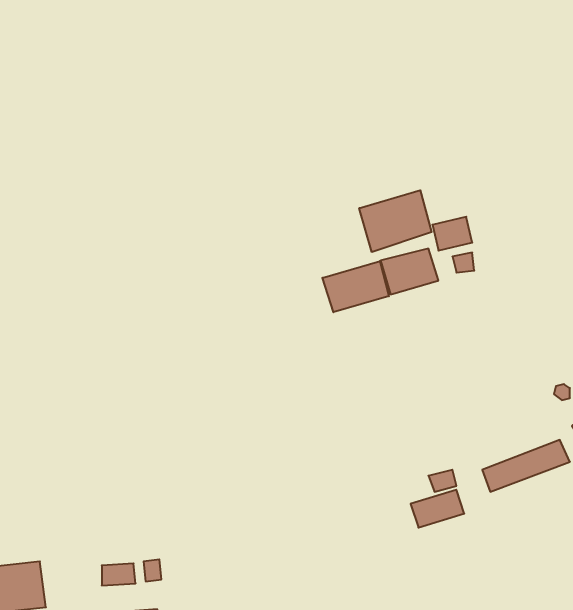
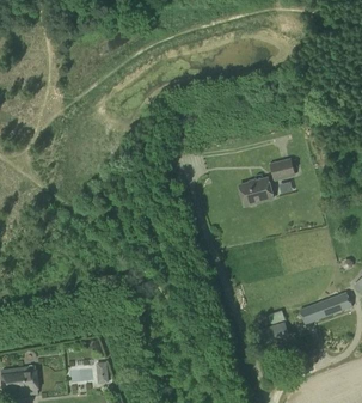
building: [359,190,432,252] -> none
building: [322,261,389,312] -> none

